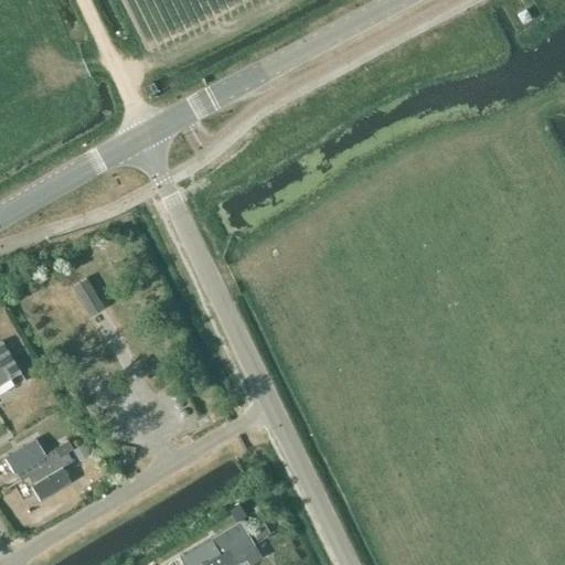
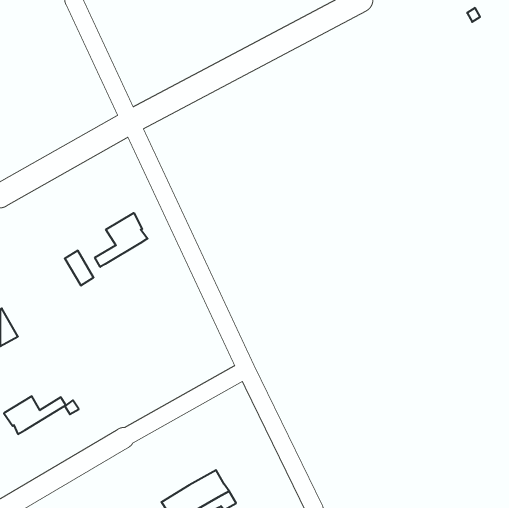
building: none -> [95,213,148,267]
building: [28,454,72,502] -> none

